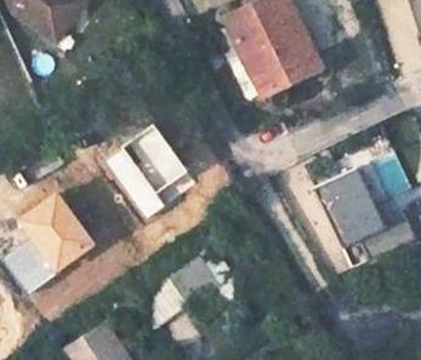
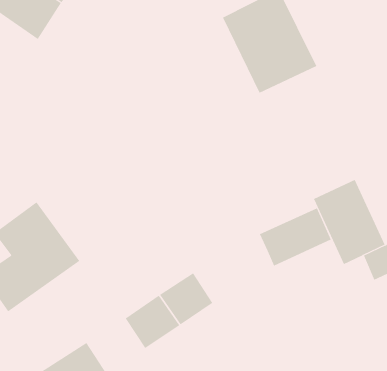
building: [110,124,190,217] -> none
building: none -> [259,207,332,266]

